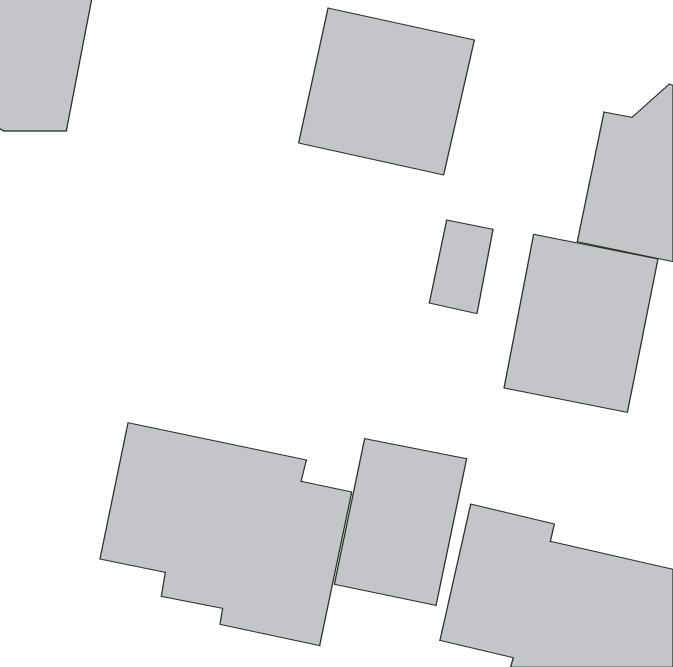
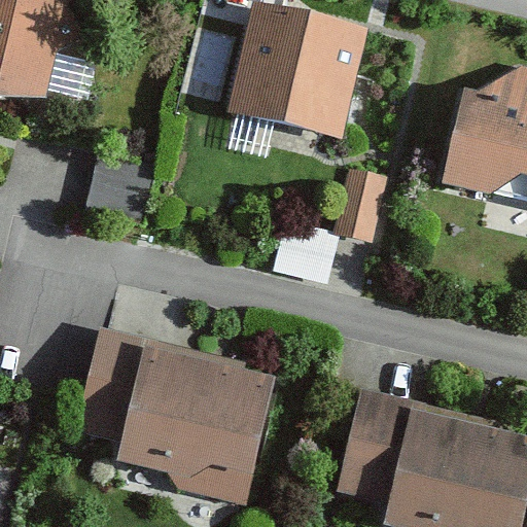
building: [504,234,658,412] -> none
building: [335,438,467,606] -> none

